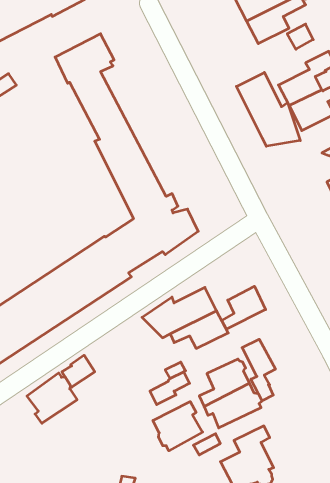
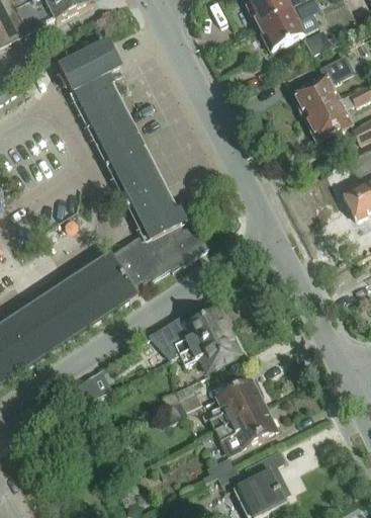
building: [236,72,300,146] -> none
building: [222,286,266,329] -> none
building: [242,339,275,401] -> none
building: [27,373,77,423] -> none
building: [153,402,203,451] -> none

